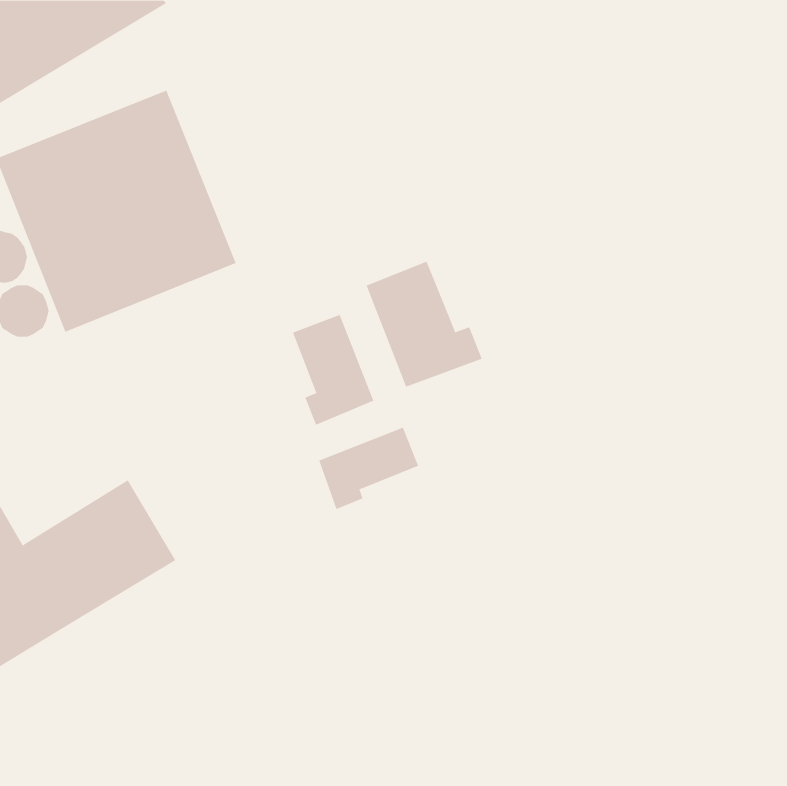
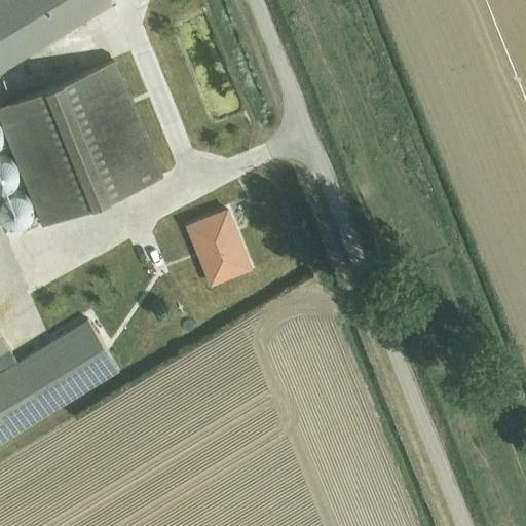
building: [366,261,483,387] -> none
building: [318,427,419,510] -> none

